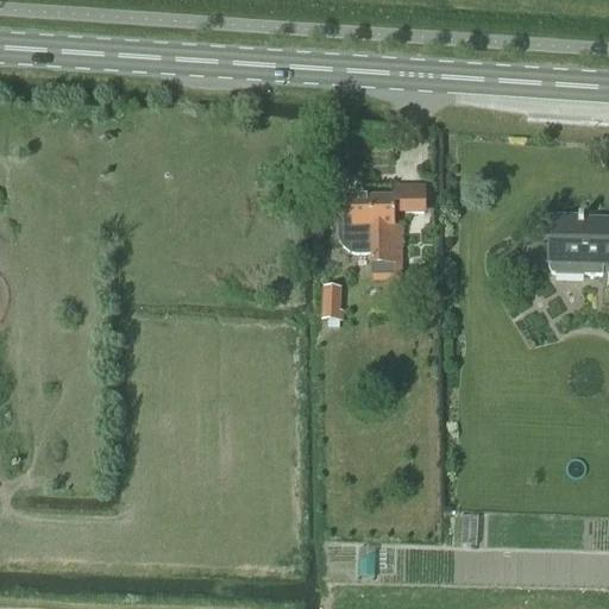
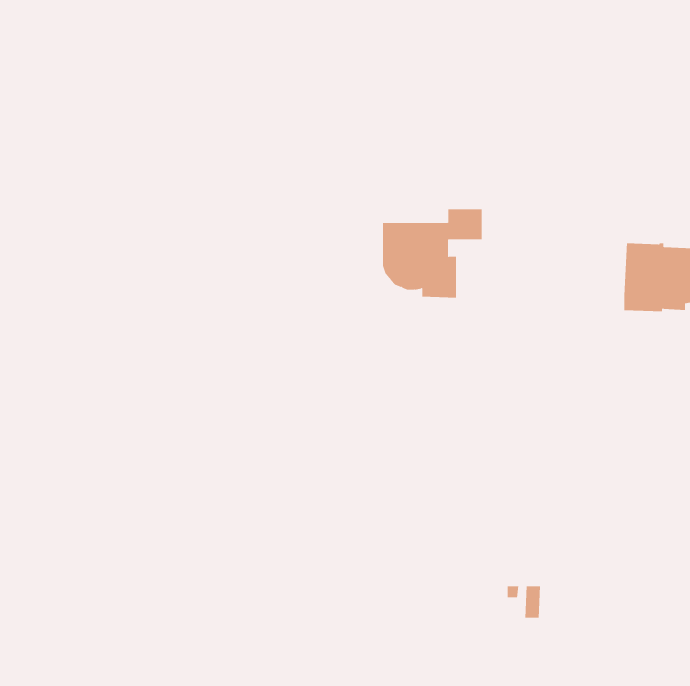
building: [324,283,345,319] -> none

